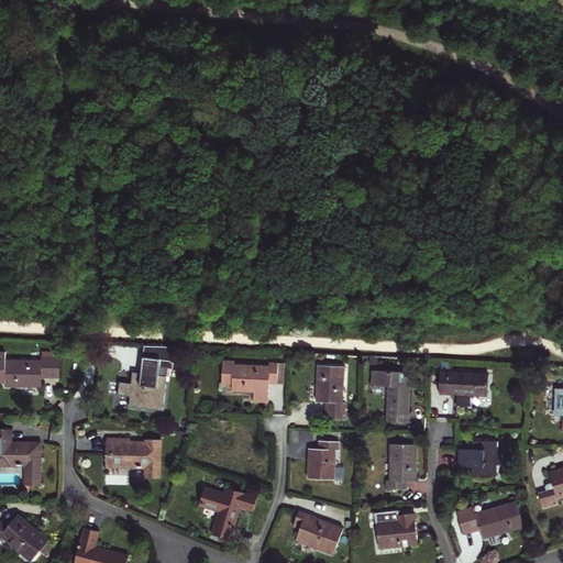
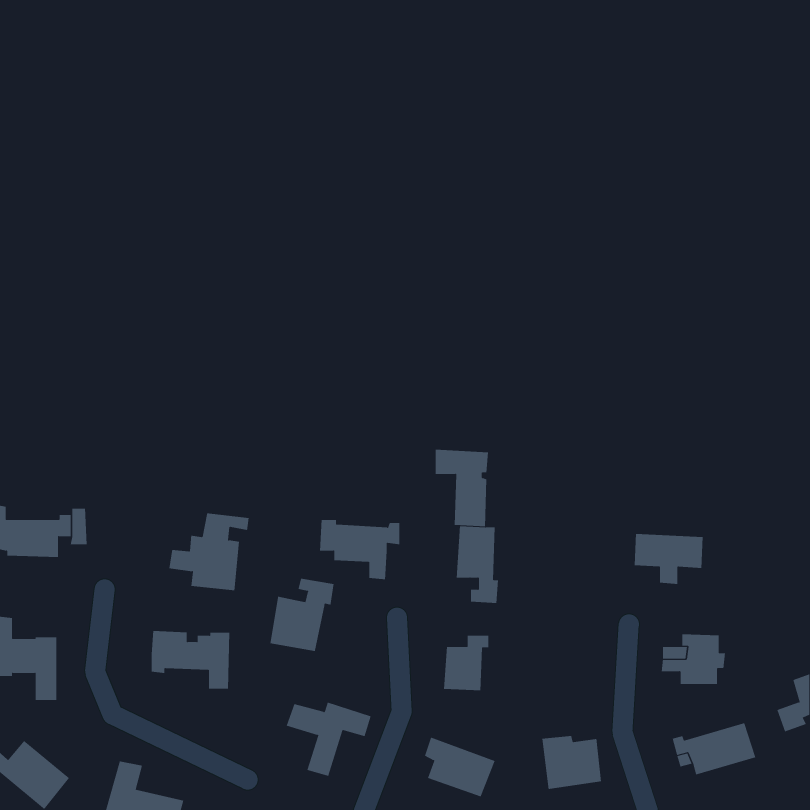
building: [373,369,410,423] -> [435,449,489,527]
building: none -> [270,578,334,652]
building: [386,444,416,489] -> none

